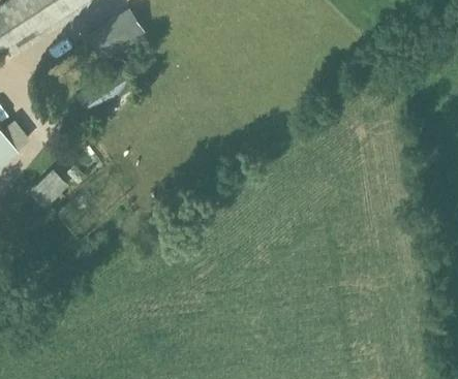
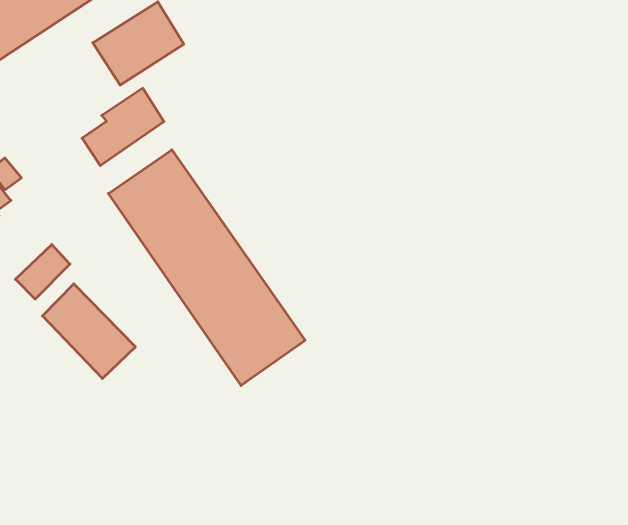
building: none -> [108,150,305,386]
building: none -> [42,284,135,379]

